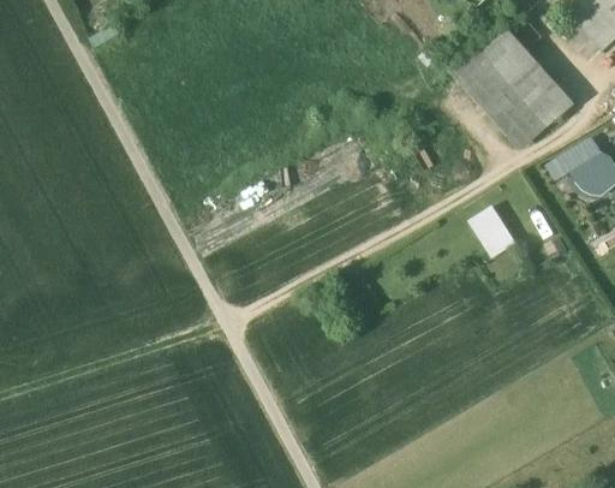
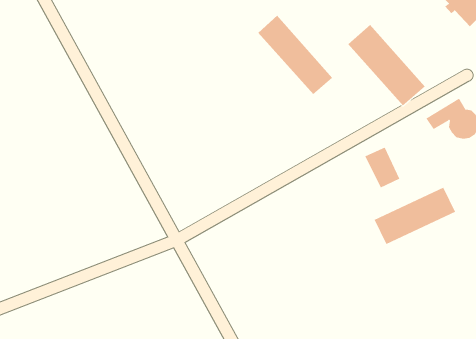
building: [478,23,574,125] -> [257,15,333,95]
building: none -> [374,187,456,245]

